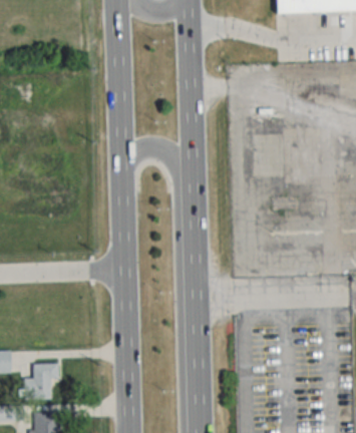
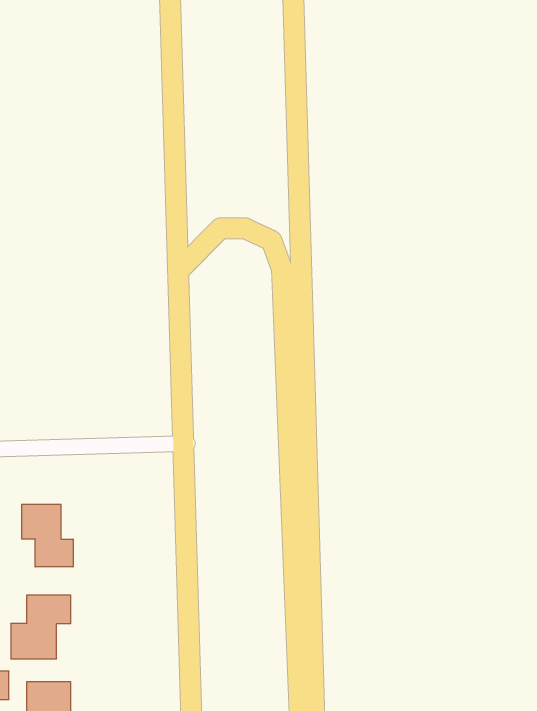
building: none -> [22,504,73,567]

